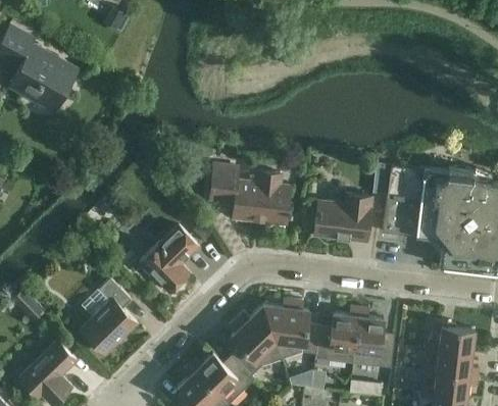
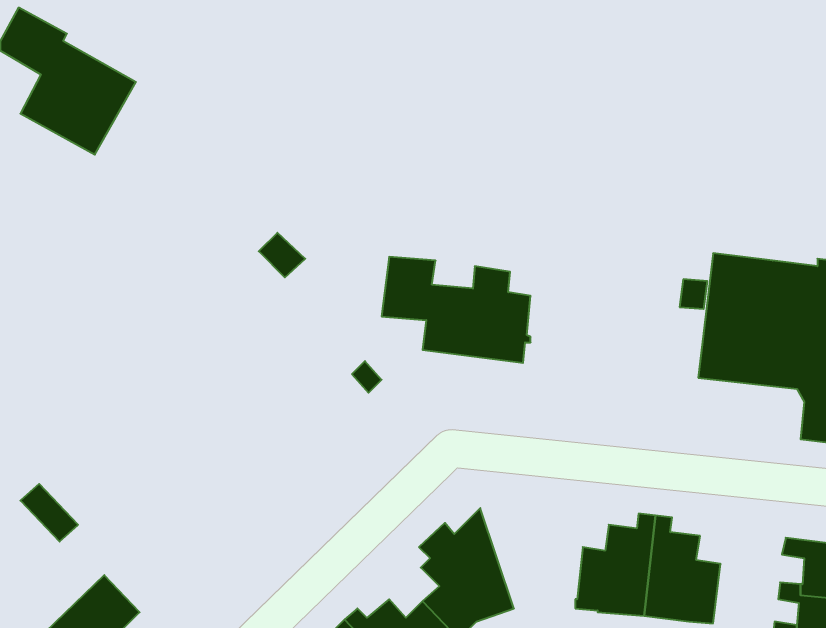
building: [314,193,371,241] -> none
building: [140,225,199,292] -> none
building: [81,277,137,354] -> none
building: [263,298,319,358] -> none

